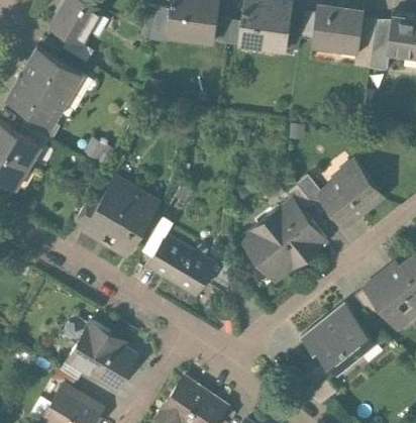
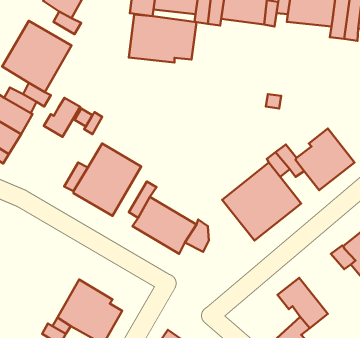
building: none -> [129,15,196,63]
building: none -> [44,98,80,137]
building: [324,303,375,357] -> none

